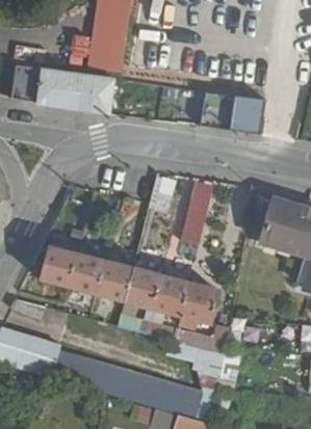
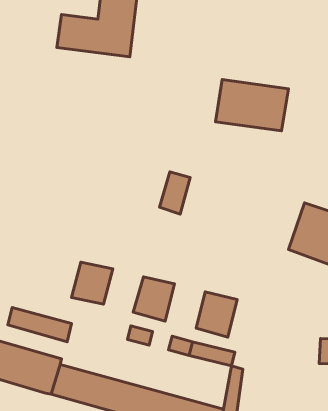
building: [8,63,121,114] -> none
building: [173,178,208,244] -> none
building: [38,248,75,288] -> none
building: [96,262,132,301] -> none
building: [152,275,188,316] -> none

